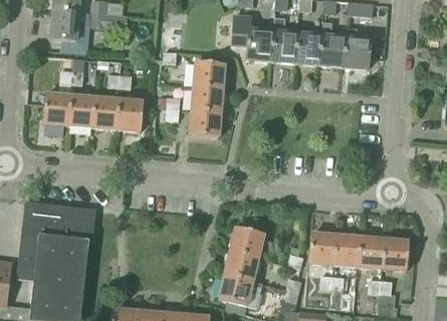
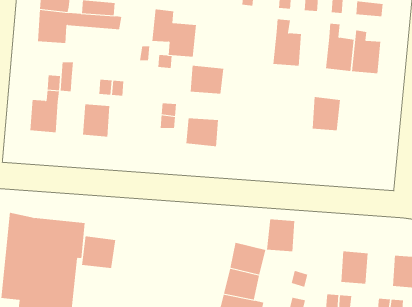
building: [231,15,273,60] -> [152,9,197,57]
building: [295,32,322,64] -> [312,97,341,131]
building: [191,86,222,112] -> none
building: [68,95,94,126] -> none
building: [117,99,144,130] -> none
building: none -> [81,235,116,269]
building: [308,233,336,264] -> [266,219,295,252]
building: [358,237,384,268] -> none

